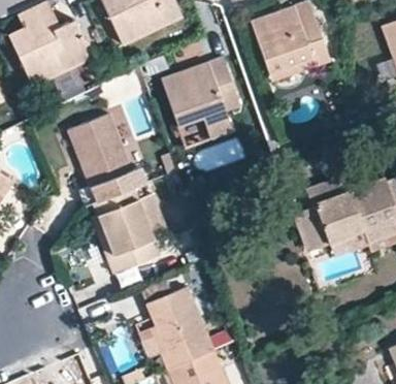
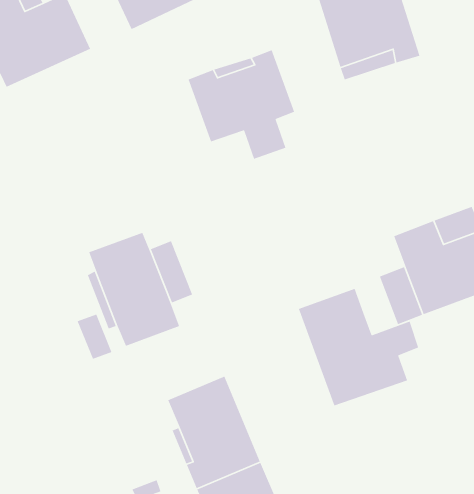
building: [69,115,148,206] -> none
building: none -> [298,288,419,406]

